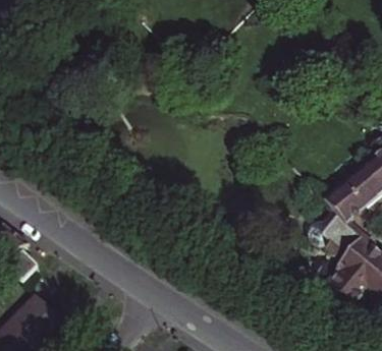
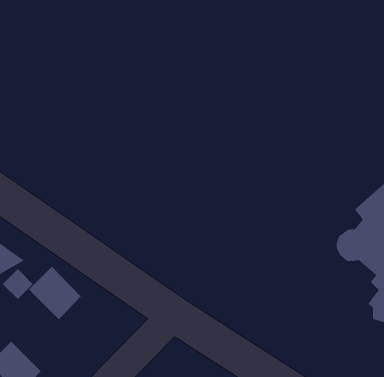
building: [15,294,63,343] -> [28,266,81,320]

